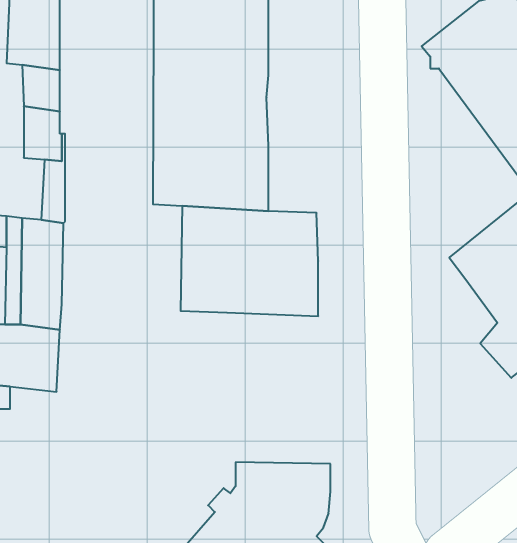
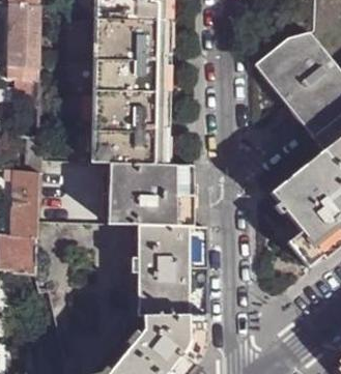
building: none -> [132,225,201,316]

